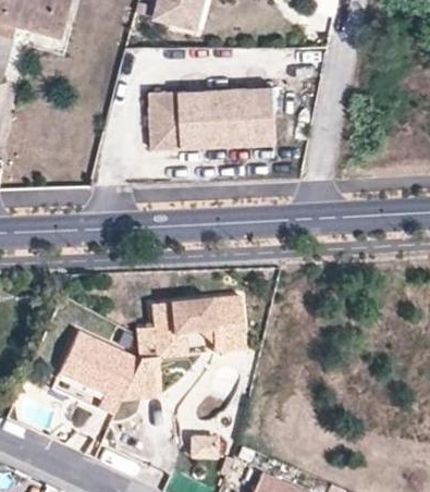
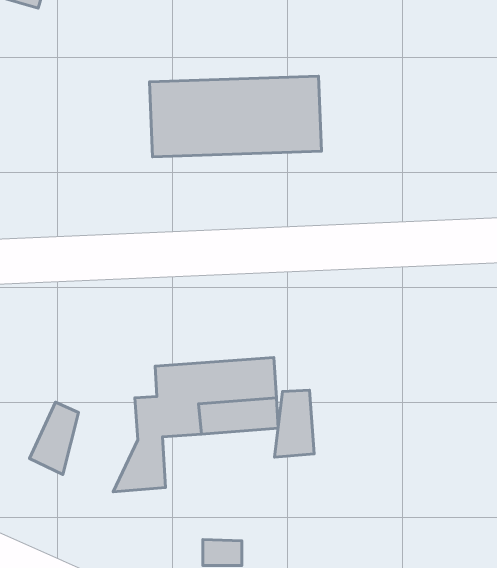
building: none -> [275,390,314,457]
building: [81,341,136,417] -> none

